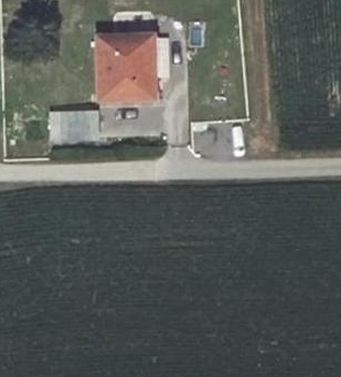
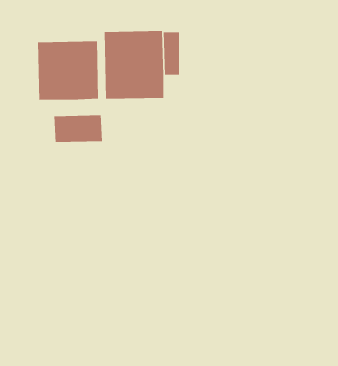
building: none -> [38,40,99,101]

